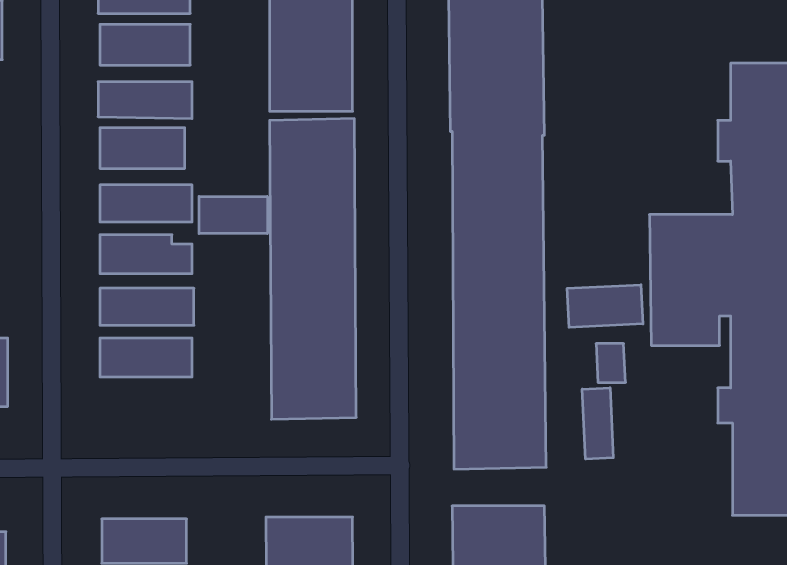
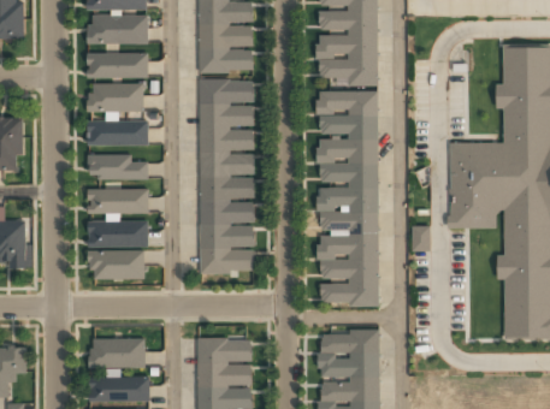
building: [199,196,267,234] -> none
building: [567,285,643,327] -> none
building: none -> [88,251,144,279]
building: [582,388,613,459] -> none

